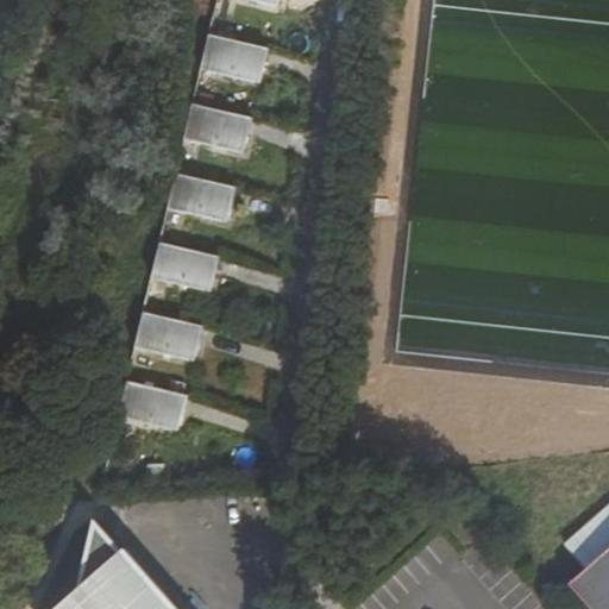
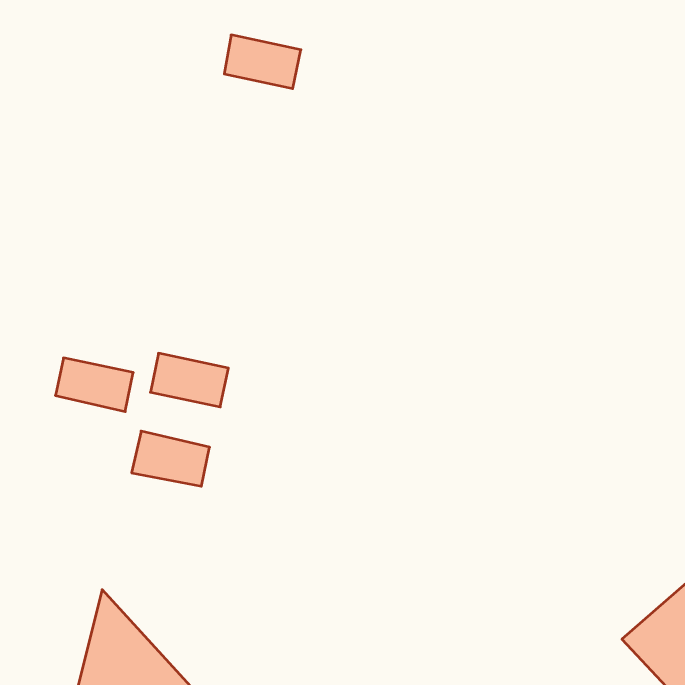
building: [184,101,251,150] -> none
building: [168,171,237,221] -> none
building: [150,244,219,291] -> [55,358,133,412]

